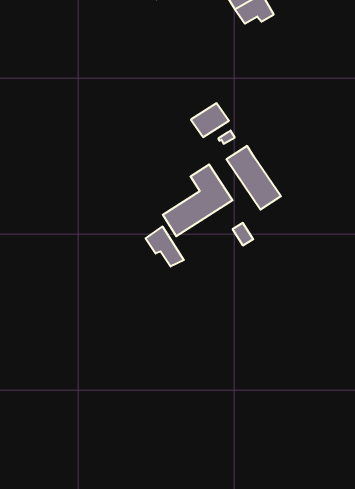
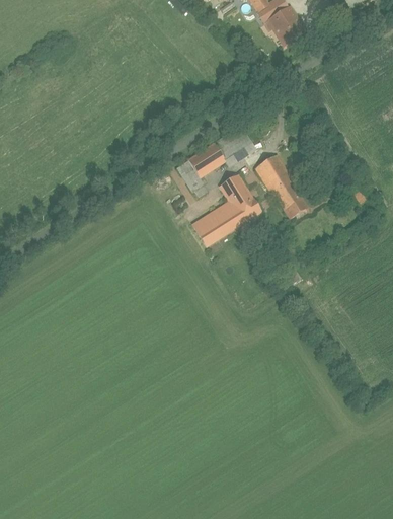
building: [191,103,229,137] -> [186,143,224,176]
building: [146,226,184,267] -> none

